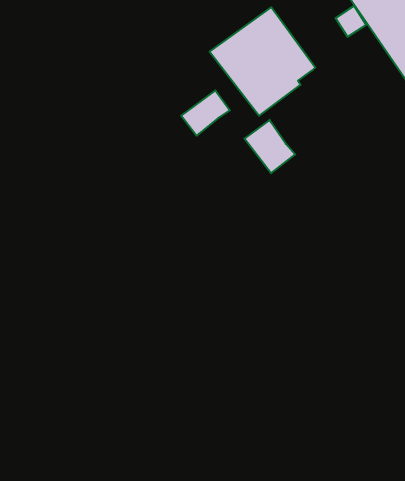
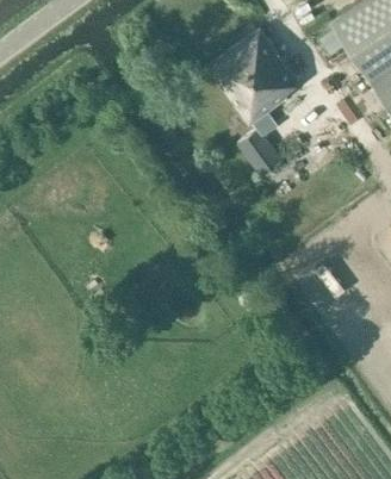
building: [181,90,230,136] -> none

